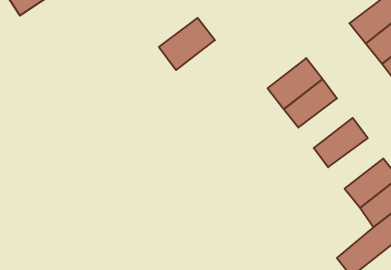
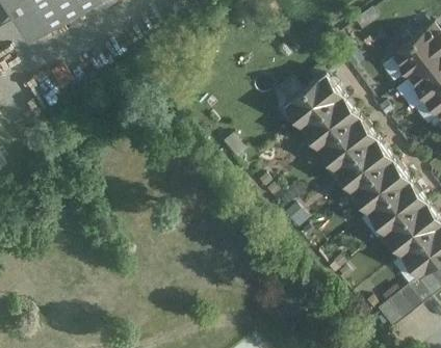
building: [159,18,215,70] -> [280,70,340,126]
building: none -> [332,137,390,190]
building: none -> [364,180,423,234]

